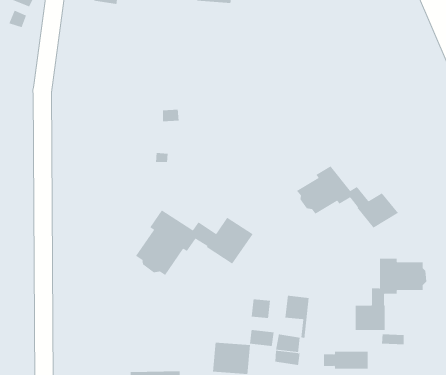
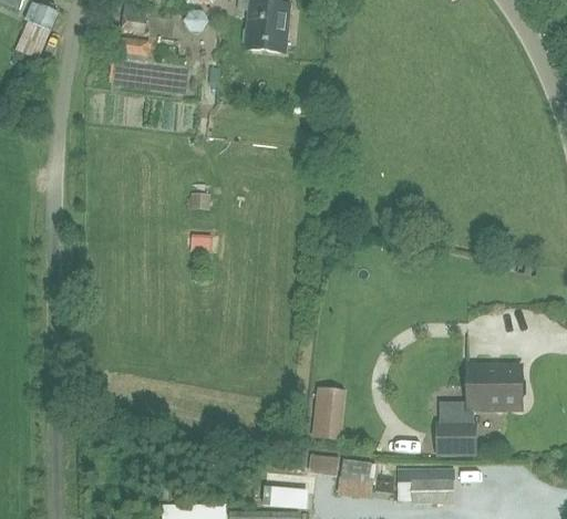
building: [296,166,399,229] -> none
building: [135,210,253,276] -> none
building: [284,295,310,338] -> [312,386,343,439]

